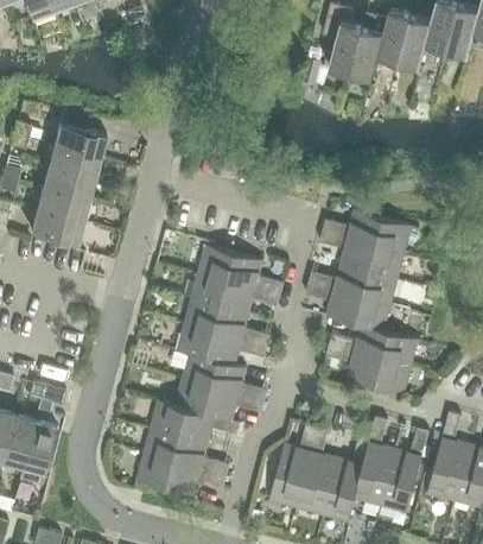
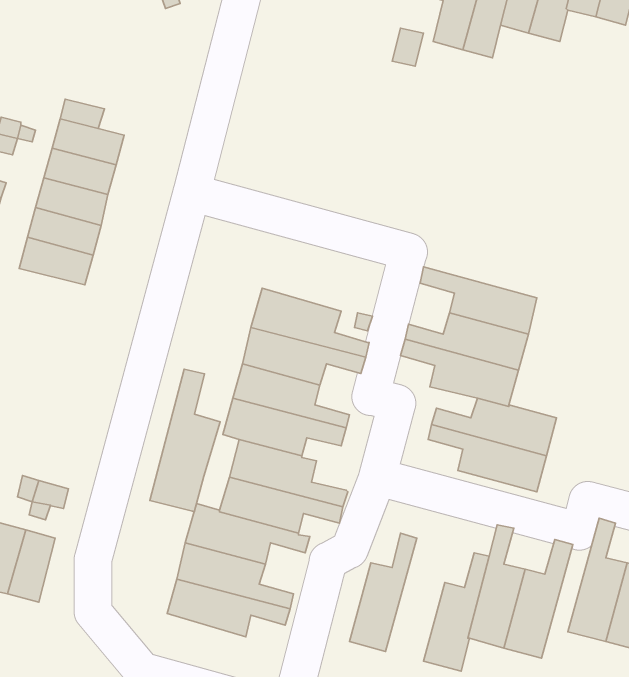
building: [322,211,412,253] -> none
building: none -> [150,369,220,512]
building: [294,426,337,515] -> none

